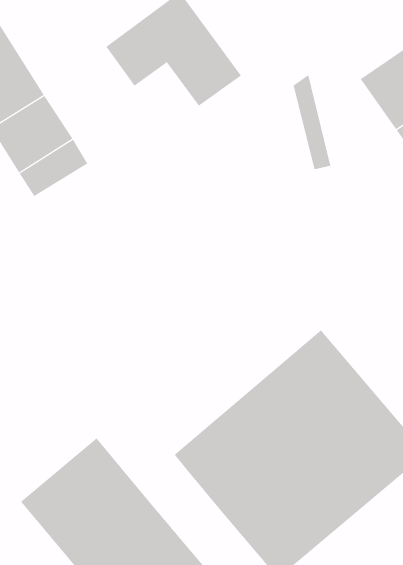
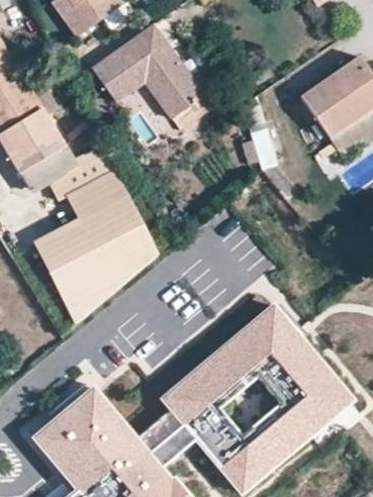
building: none -> [33,174,153,323]
building: none -> [129,413,188,474]

